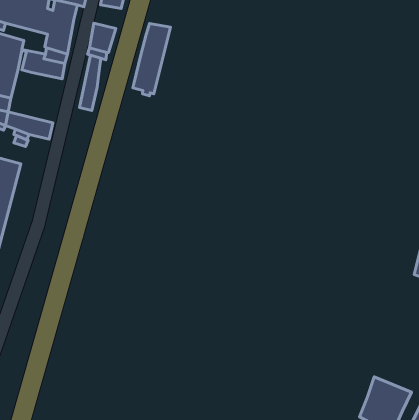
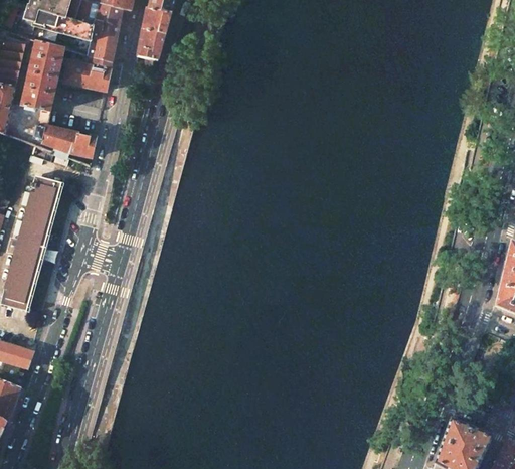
building: none -> [141,7,171,34]
building: [133,23,170,96] -> none
building: [79,55,101,111] -> none

